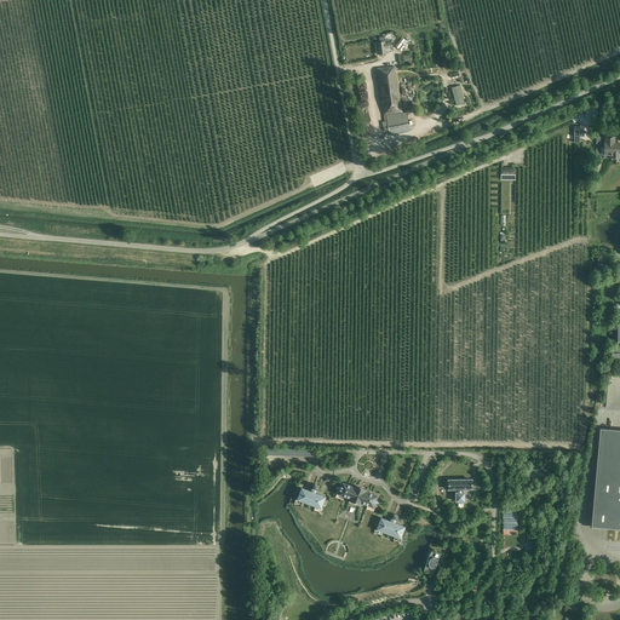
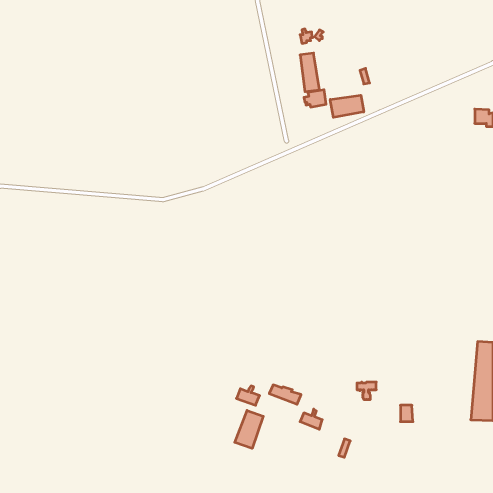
building: none -> [330,95,364,117]
building: none -> [235,410,263,448]

